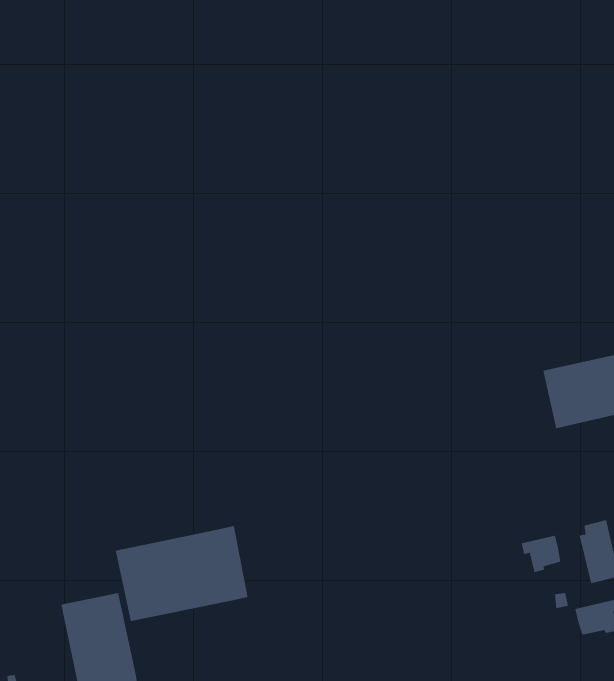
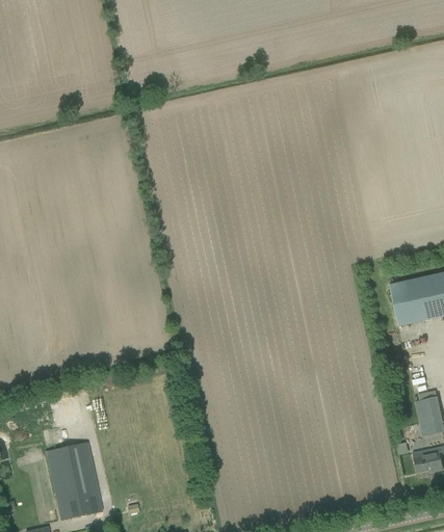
building: [115,525,248,622] -> none
building: [521,535,561,573] -> none

